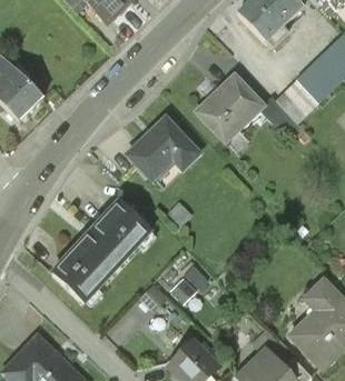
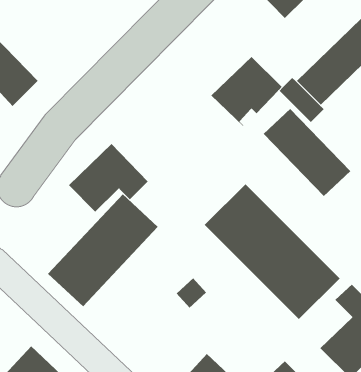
building: [127,116,199,178] -> [68,143,149,213]
building: none -> [263,108,351,197]
building: none -> [204,184,340,320]

